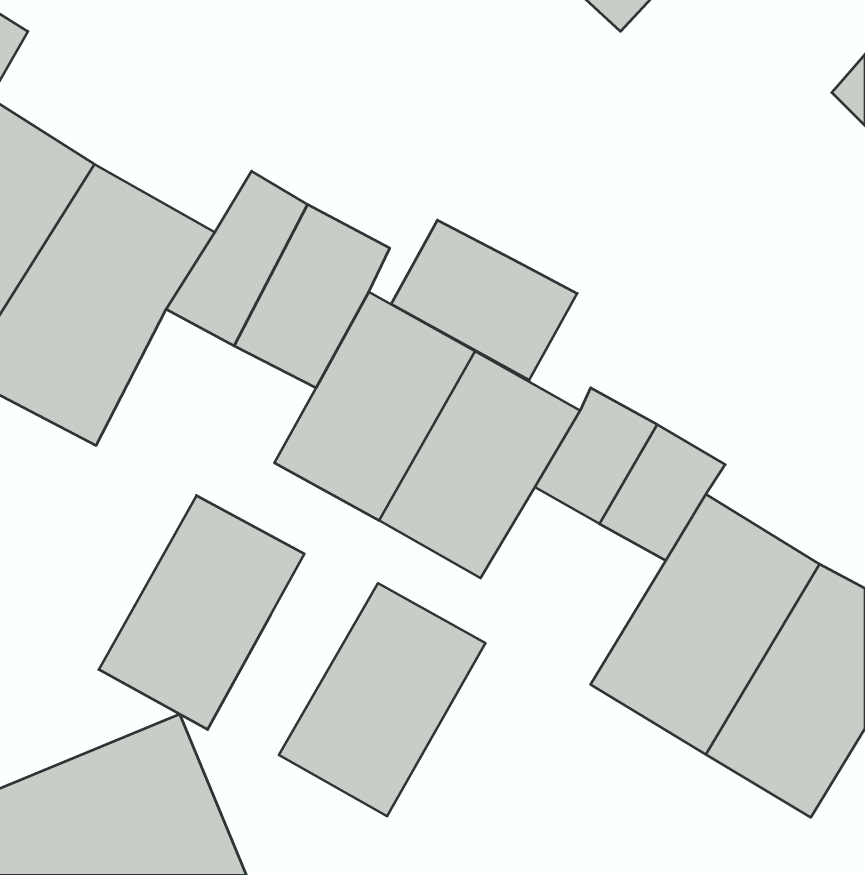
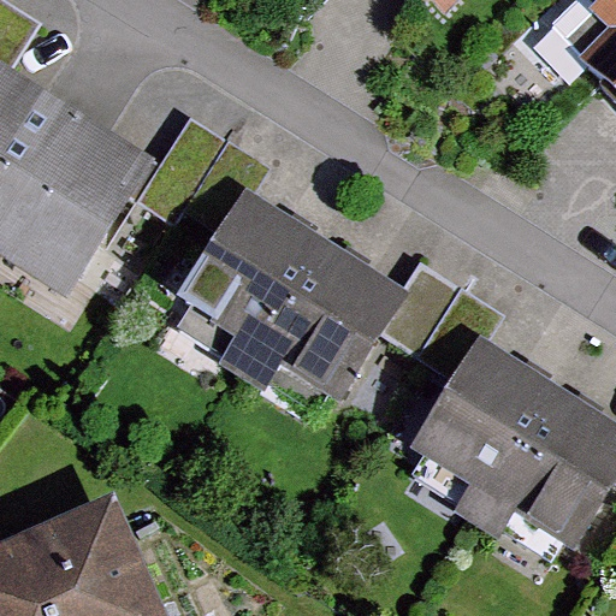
building: [391,220,577,380] -> none
building: [99,495,304,730] -> none
building: [279,583,485,816] -> none

